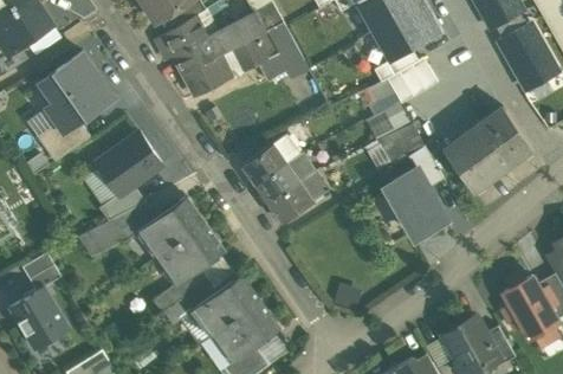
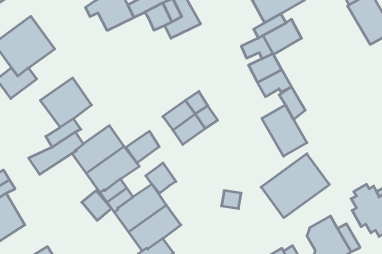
building: [183,47,237,96] -> none
building: [442,107,532,191] -> [261,154,329,218]
building: [241,143,285,185] -> [126,131,159,163]
building: none -> [146,163,176,193]

